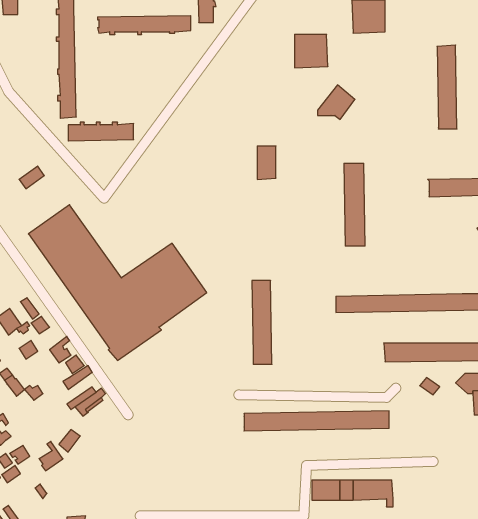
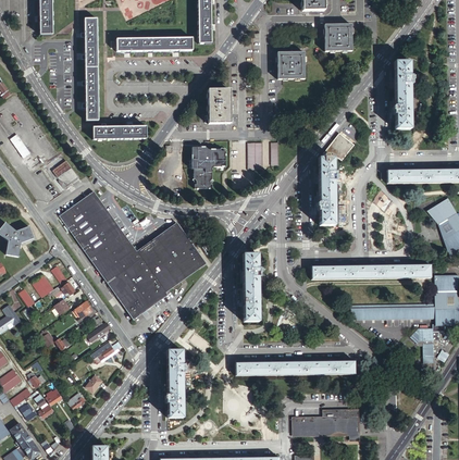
building: none -> [208,89,230,123]
building: [318,85,355,119] -> [323,132,353,160]
building: none -> [190,147,225,189]
building: none -> [166,348,184,417]

